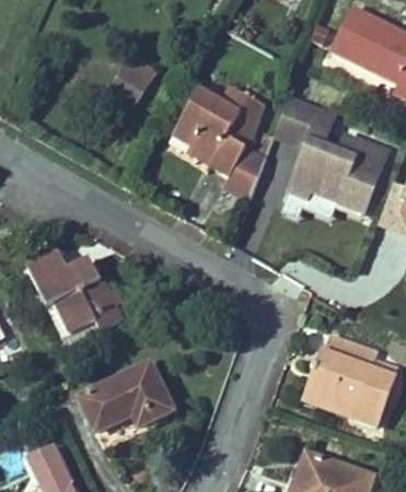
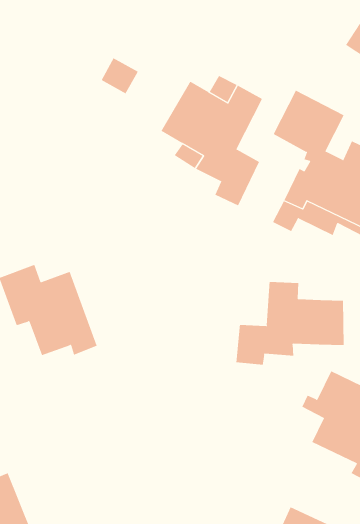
building: none -> [236,281,344,366]
building: [84,370,175,435] -> none

